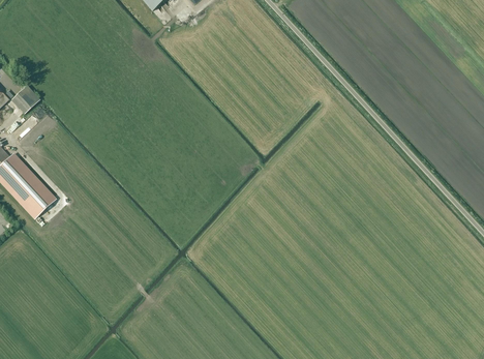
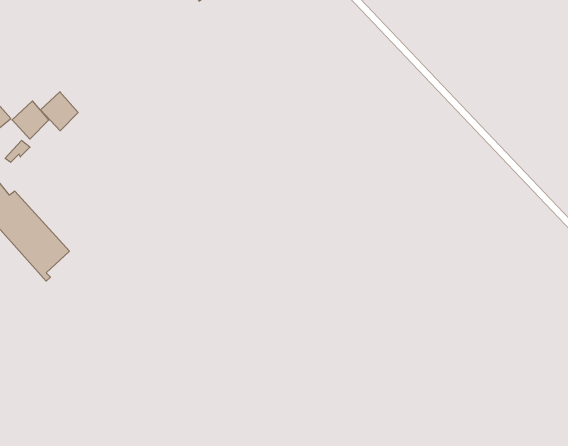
building: none -> [41,92,78,131]

